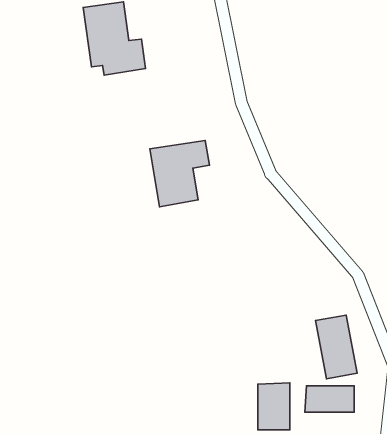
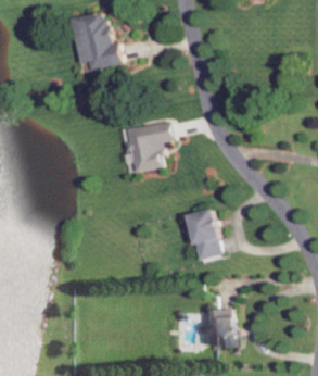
building: [316,315,357,379] -> [190,210,222,260]
building: [305,386,354,412] -> none

